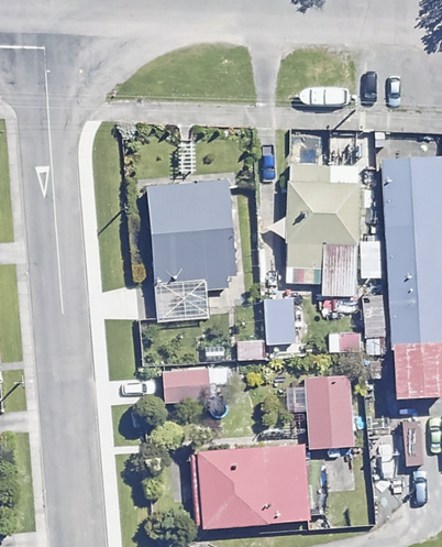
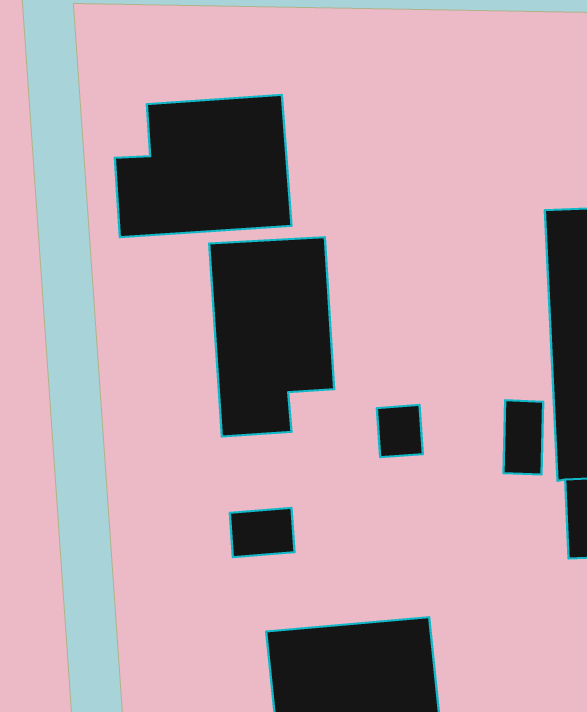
building: none -> [115,95,292,237]
building: [283,164,358,294] -> none
building: [289,376,353,448] -> none

